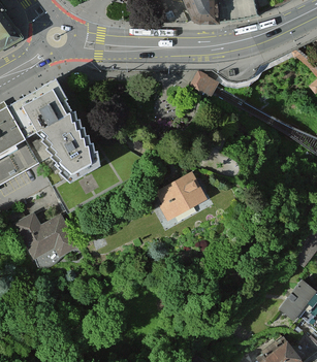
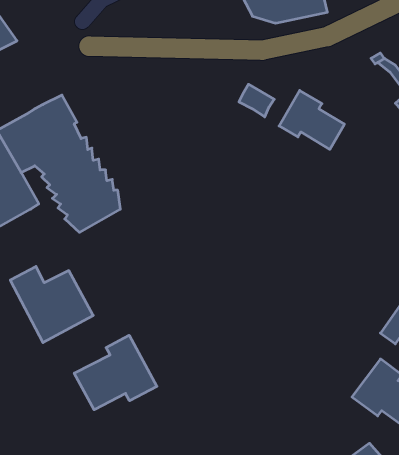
building: none -> [279,90,344,149]
building: [151,170,204,219] -> none
building: none -> [74,335,157,410]

